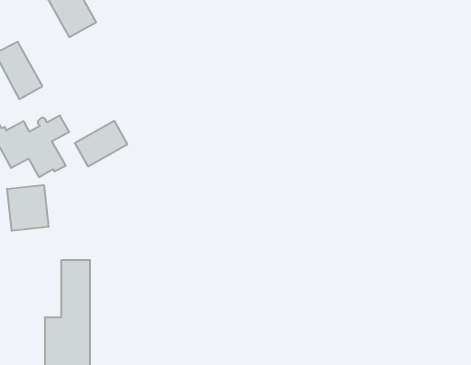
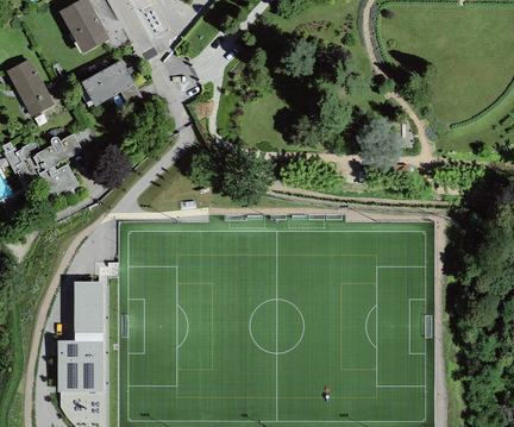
building: [75,121,127,166] -> [82,59,136,106]
building: [7,185,48,231] -> none

